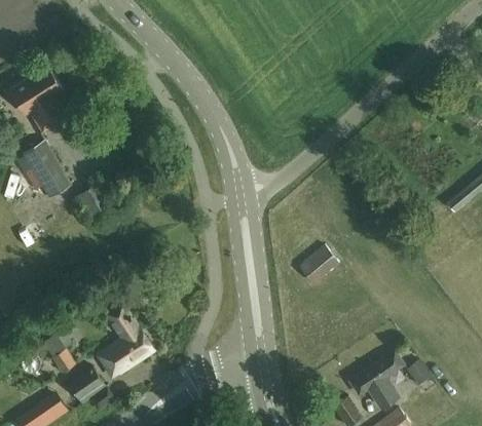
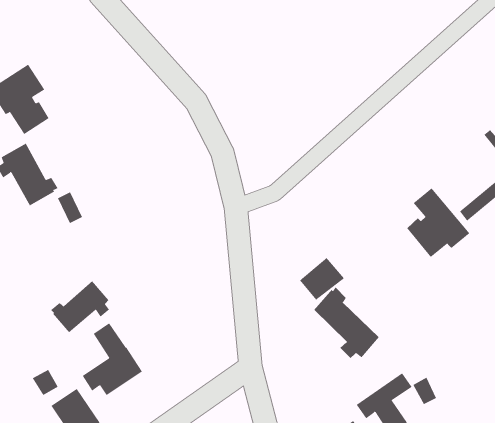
building: none -> [406,187,470,258]
building: none -> [50,280,110,333]
building: none -> [314,287,380,359]

